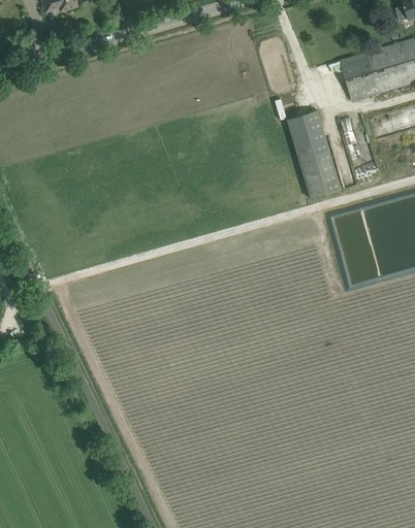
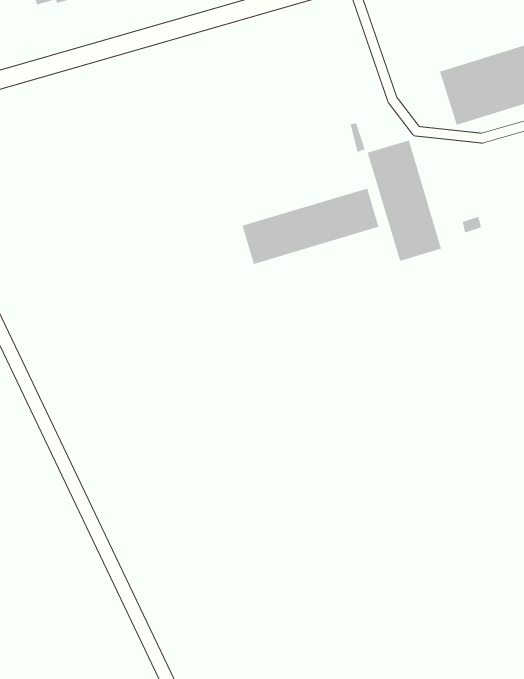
building: none -> [242,188,379,265]

